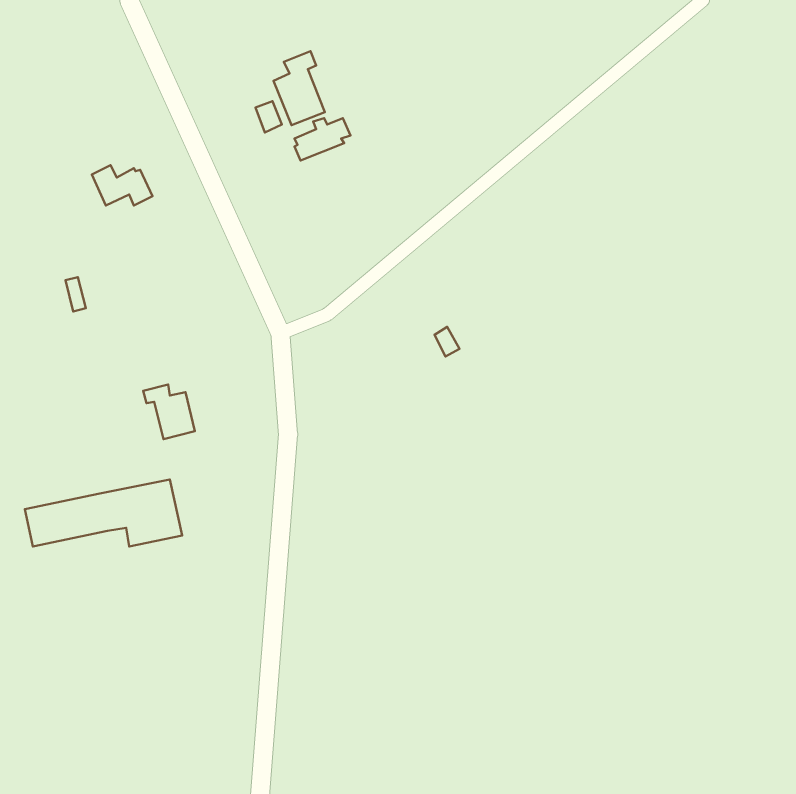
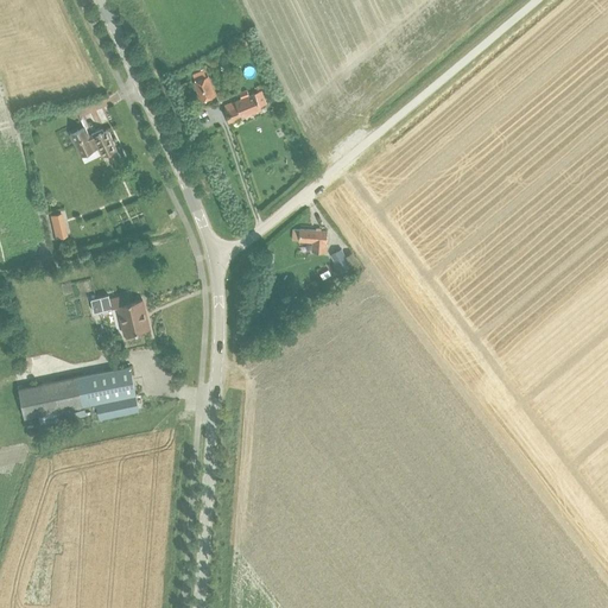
building: [273,51,325,125] -> none
building: none -> [292,229,327,254]

